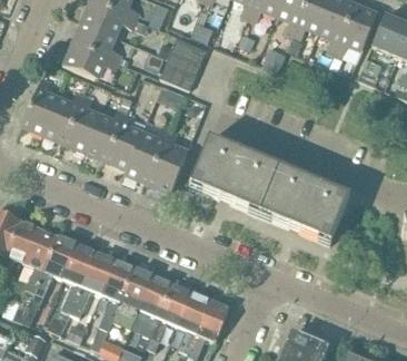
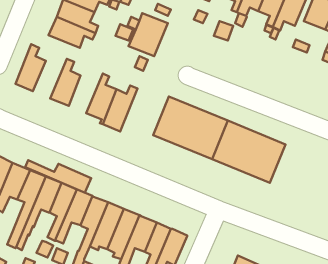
building: [42,88,83,139] -> none
building: [86,105,127,157] -> none
building: [148,127,188,188] -> none
building: none -> [25,160,91,193]

